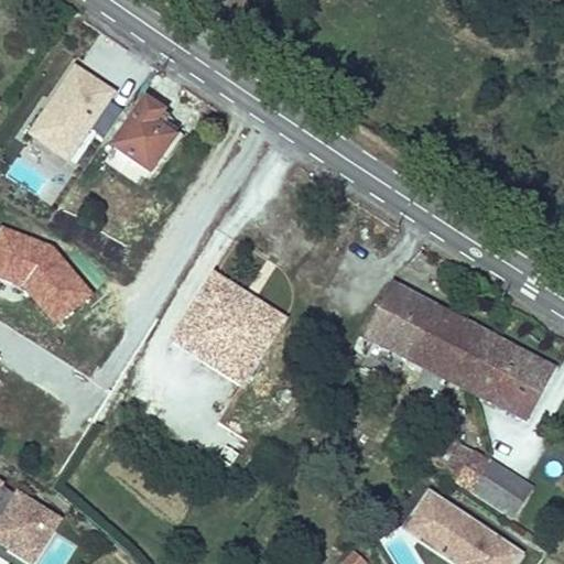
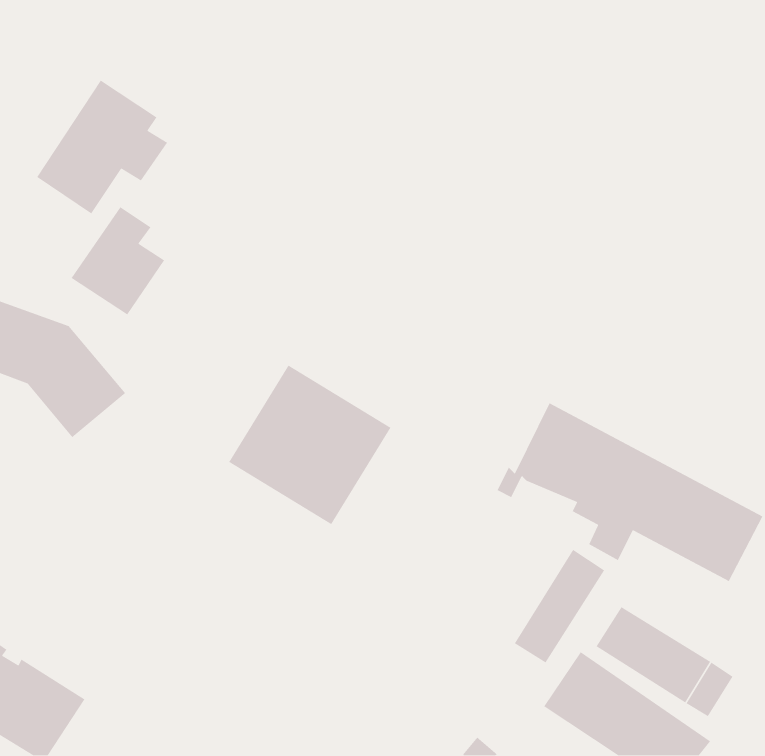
building: [108,91,177,172] -> [71,206,165,316]
building: none -> [514,549,605,664]

